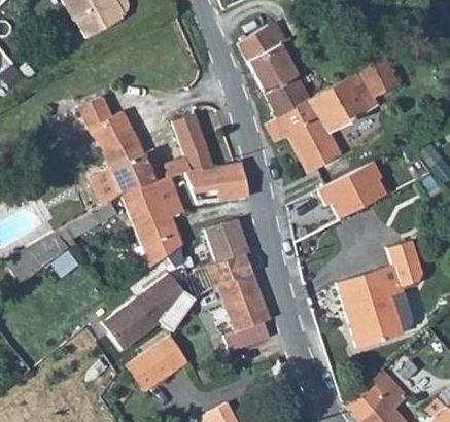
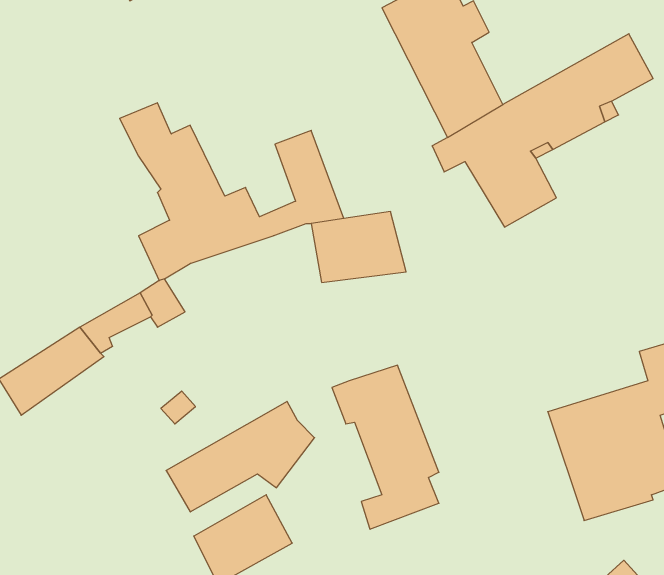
building: [317,162,385,219] -> none
building: [123,178,184,267] -> none
building: [206,220,251,265] -> none

